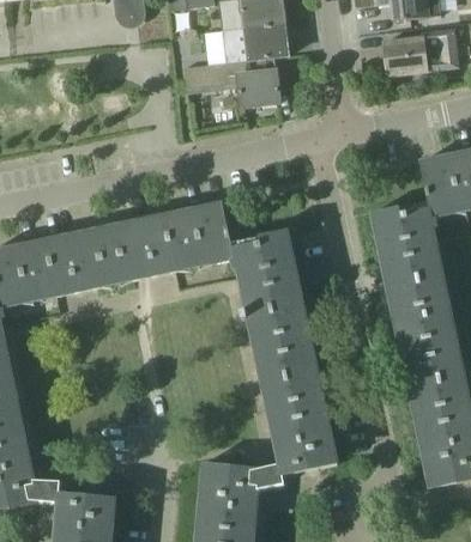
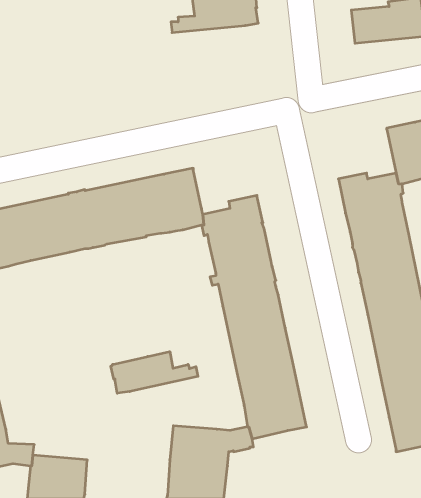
building: [185,56,280,106] -> none
building: none -> [111,352,198,393]

